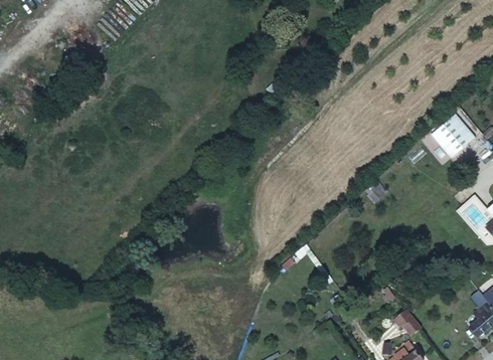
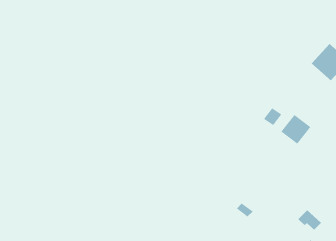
building: none -> [280,114,311,145]

